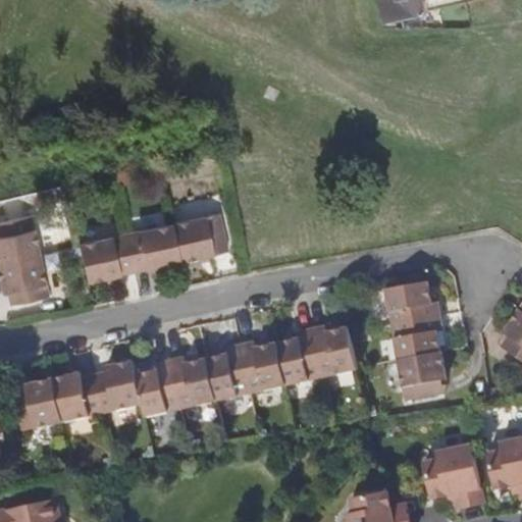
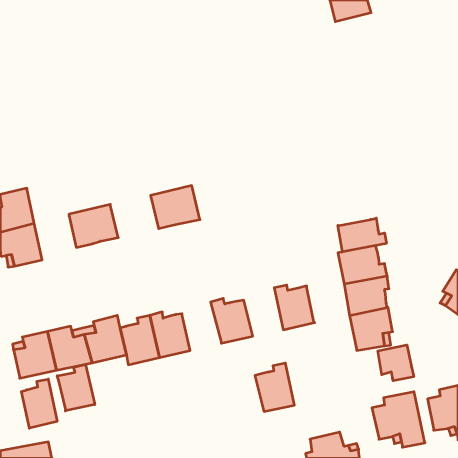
building: [125,222,180,270] -> none
building: none -> [338,218,386,252]
building: [277,327,322,382] -> [255,363,294,411]
building: [207,344,252,399] -> none
building: none -> [378,345,414,381]
building: none -> [57,364,95,411]
building: none -> [21,379,57,428]

